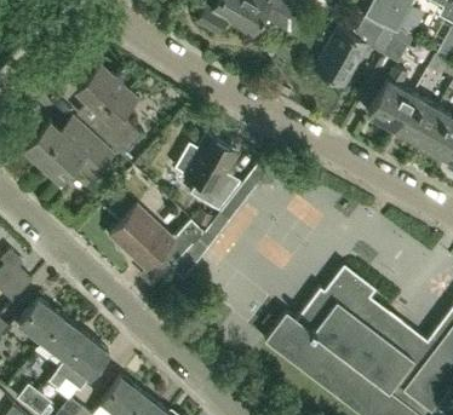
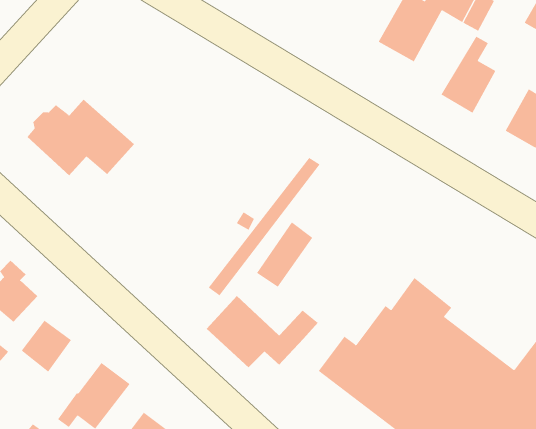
building: [76,65,142,157] -> none
building: [394,94,440,144] -> none
building: [176,137,237,211] -> none
building: [111,208,205,269] -> [206,295,319,368]
building: [42,317,86,361] -> none

